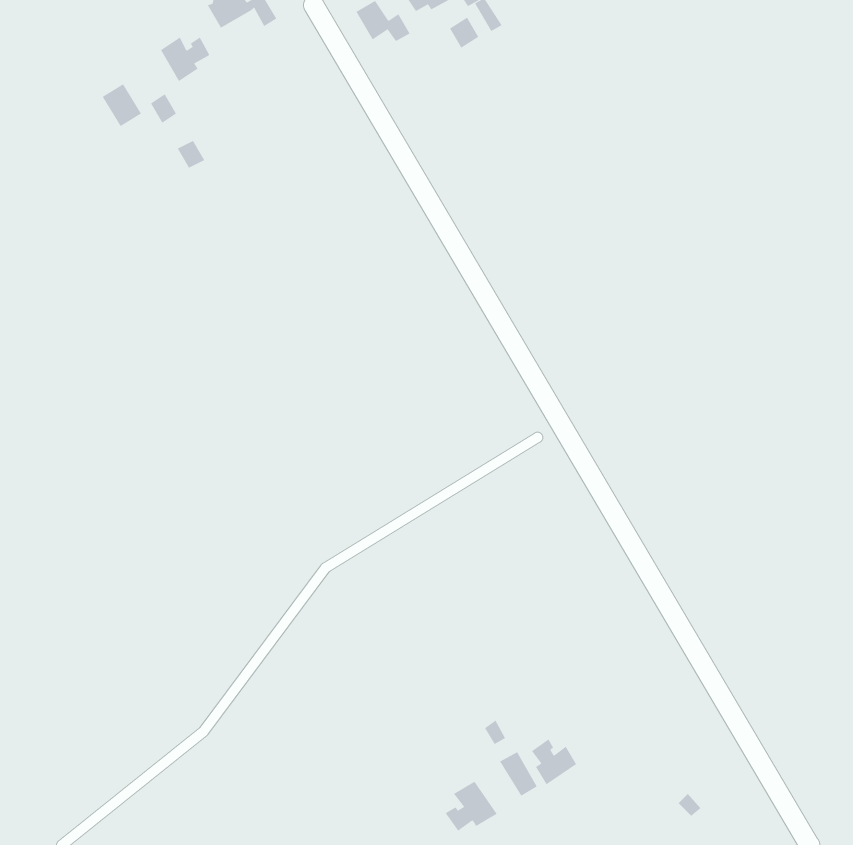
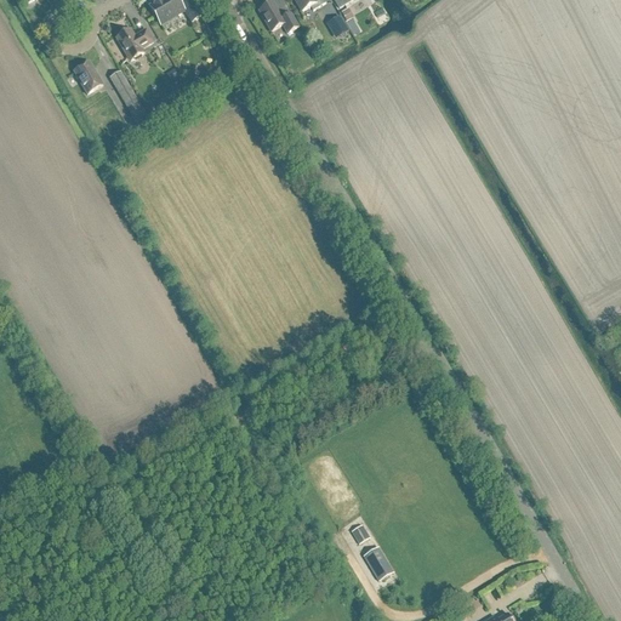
building: [531,738,577,785] -> none
building: [445,781,497,832] -> none

